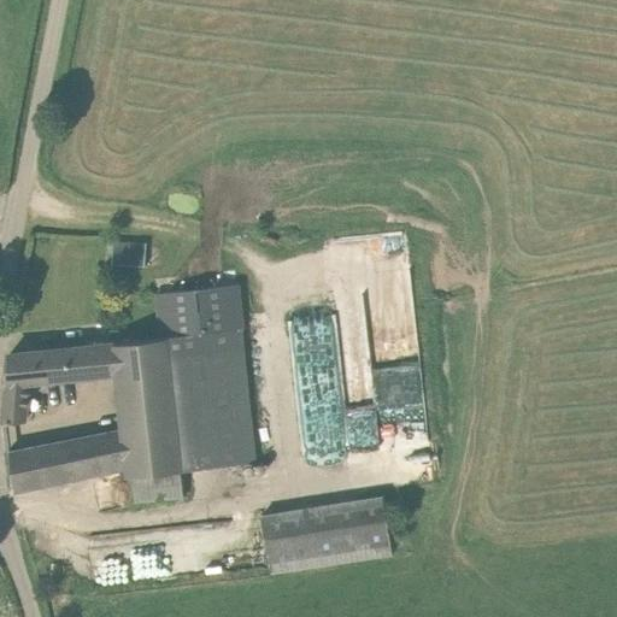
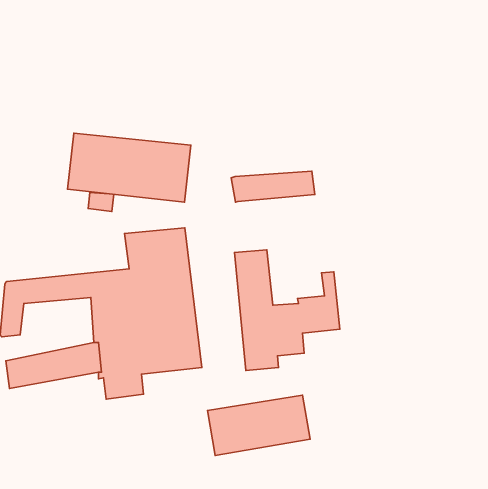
building: none -> [67,133,191,202]
building: none -> [231,171,315,202]

